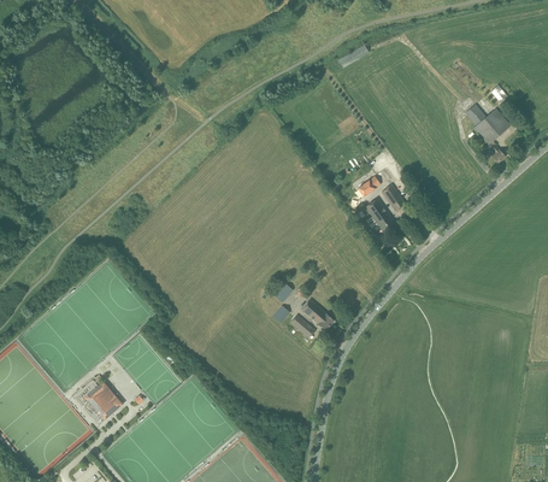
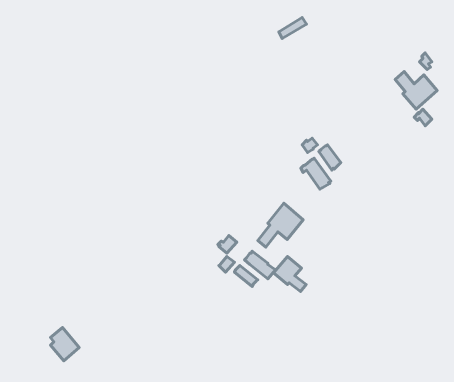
building: none -> [258,203,303,247]
building: none -> [273,257,306,291]

